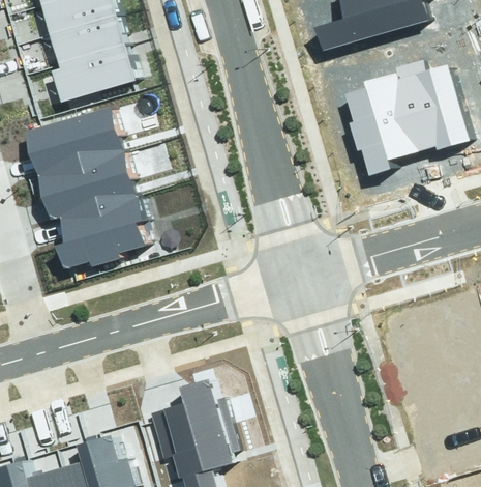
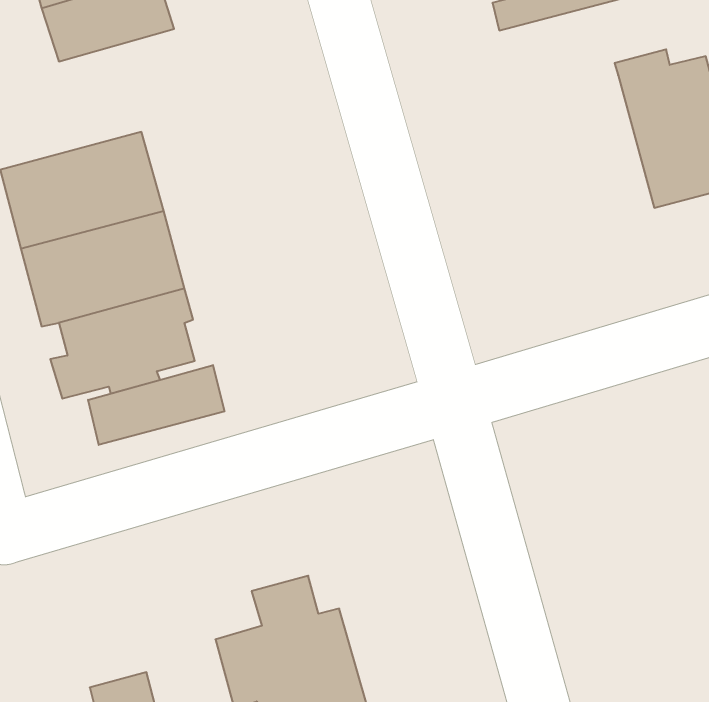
building: [51,47,138,102] -> none
building: [344,75,417,174] -> none
building: none -> [88,365,224,445]

